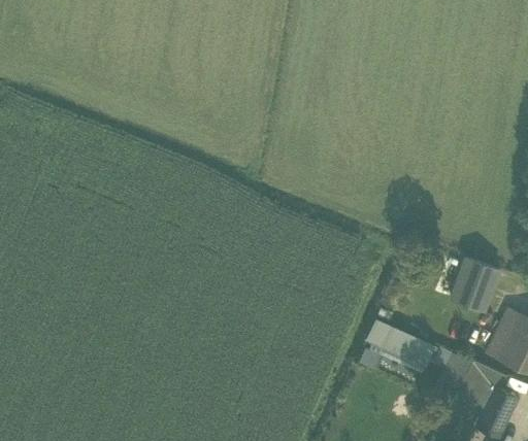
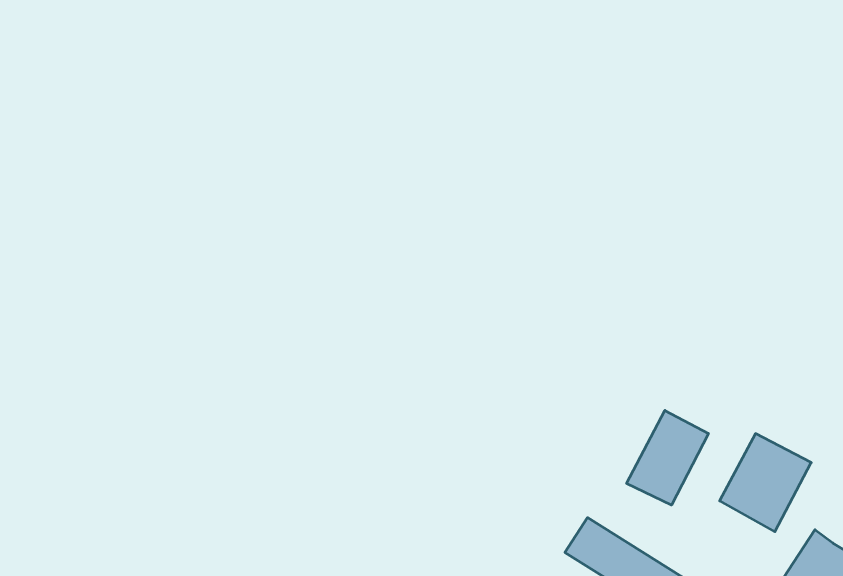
building: none -> [627,410,708,505]

